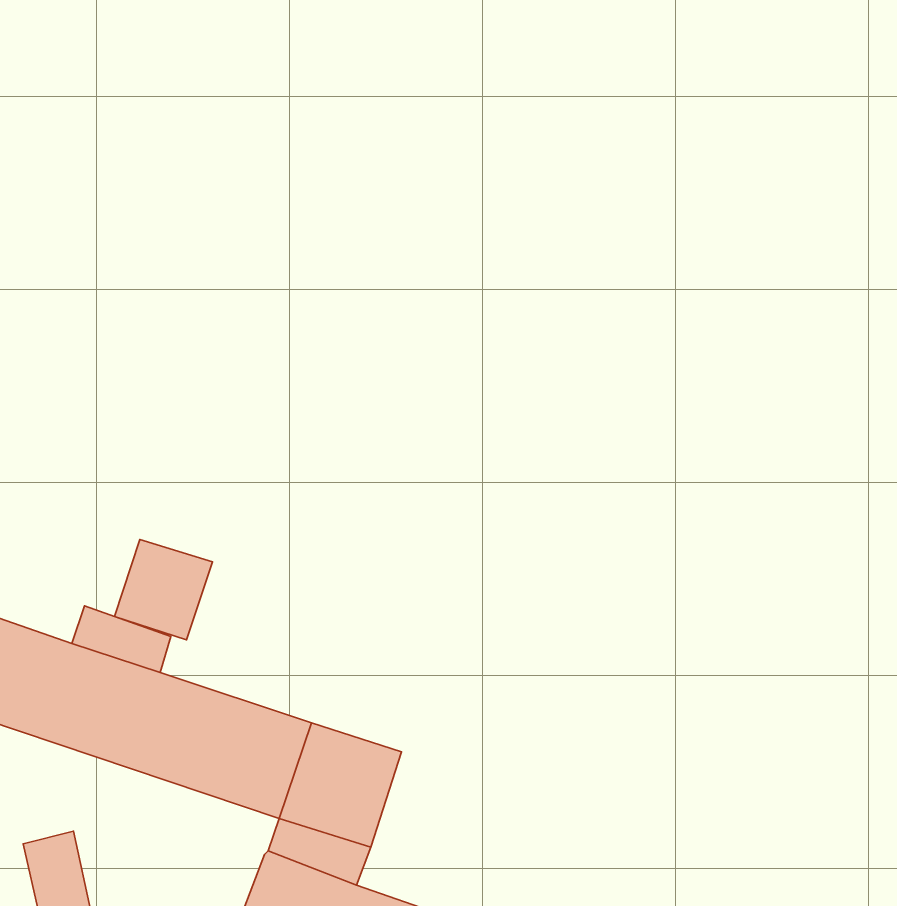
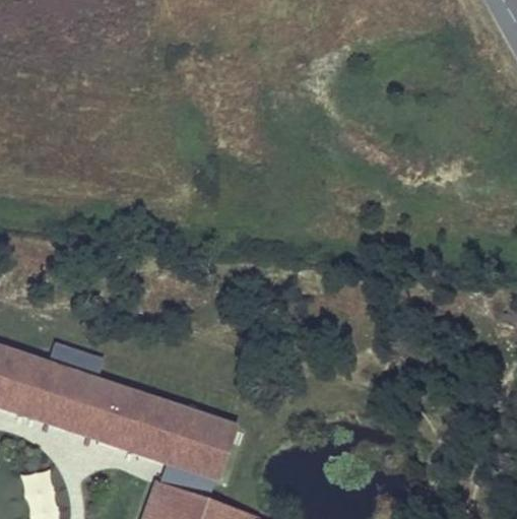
building: [115,539,213,640] -> none

